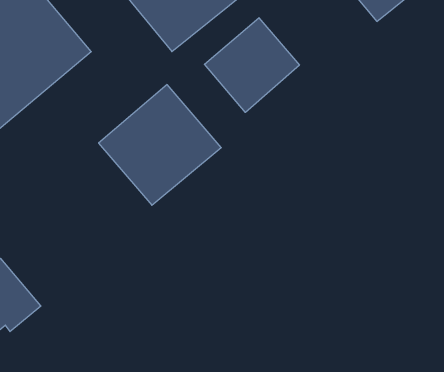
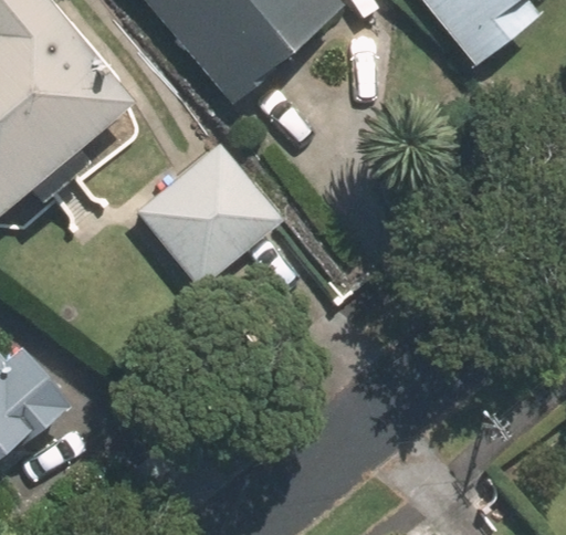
building: [204,18,299,112] -> none

